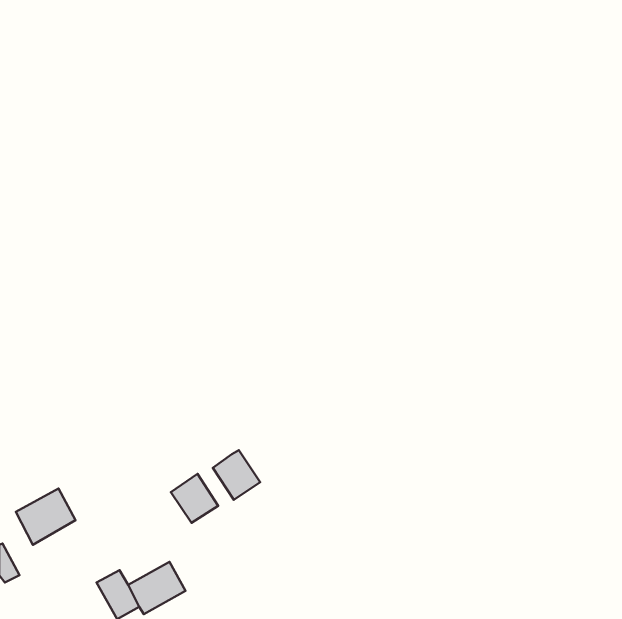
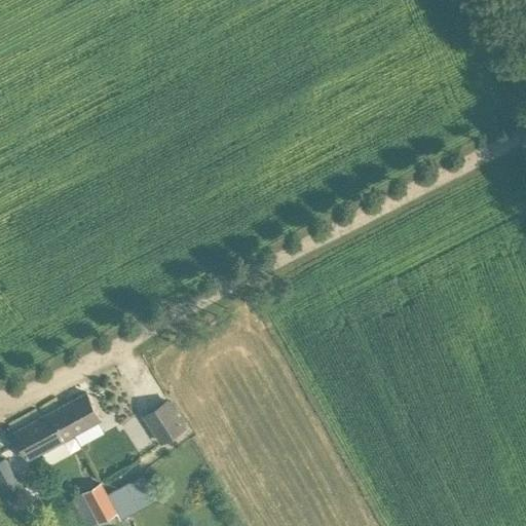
building: [213,450,260,500] -> none
building: none -> [49,394,100,442]

